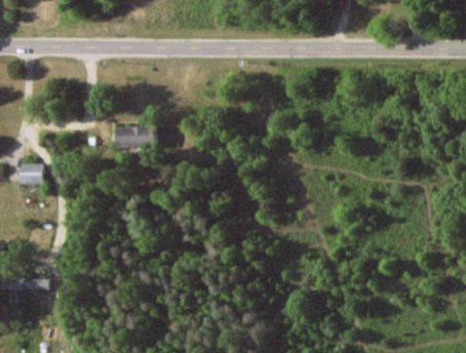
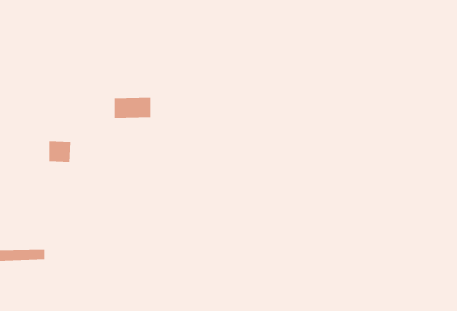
building: [20,163,42,185] -> [49,141,71,163]

